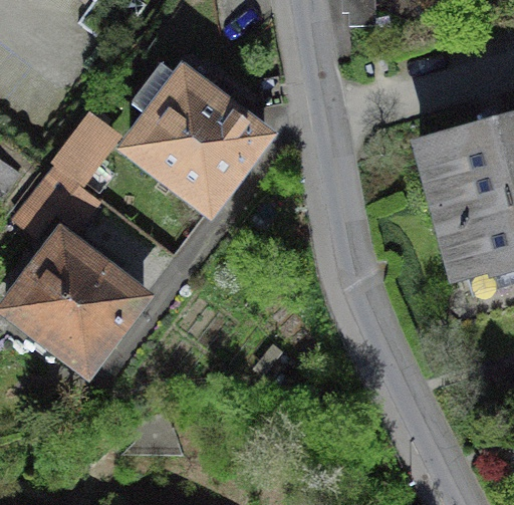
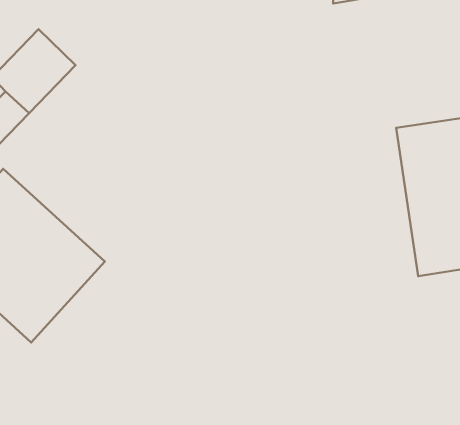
building: [123,69,274,216] -> none

